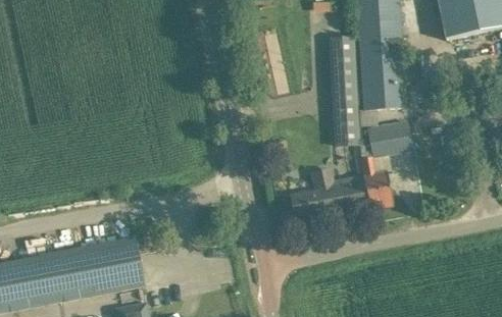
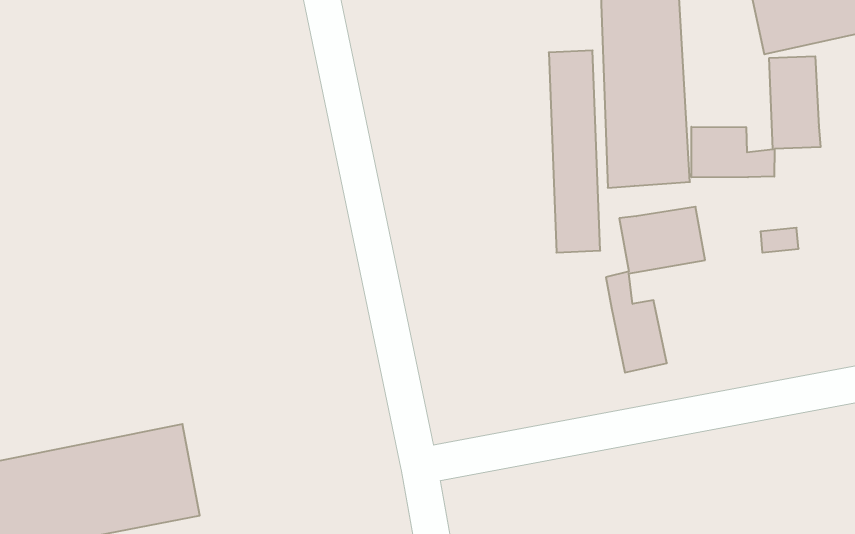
building: none -> [691,56,821,177]
building: [291,168,371,220] -> none

